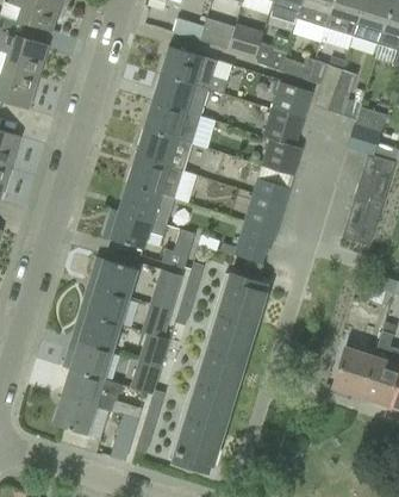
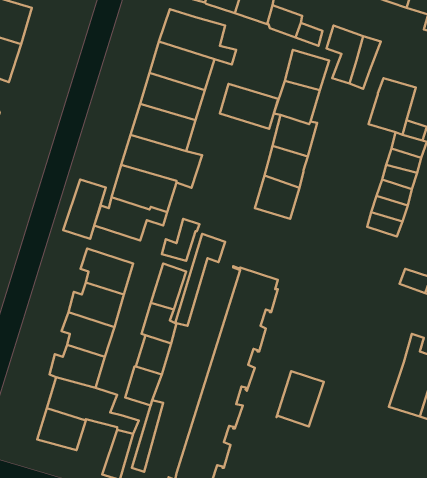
building: none -> [220,84,278,129]
building: none -> [63,180,106,239]
building: [233,220,275,262] -> none
building: [333,347,375,396] -> [276,371,324,426]

